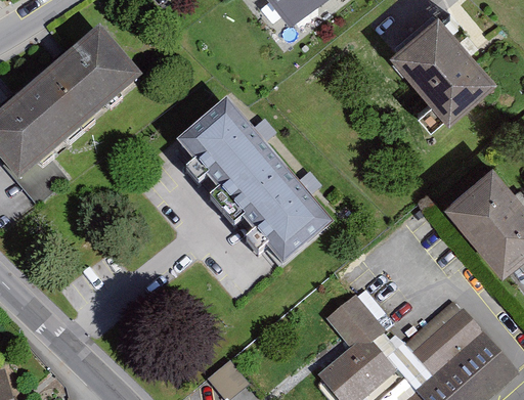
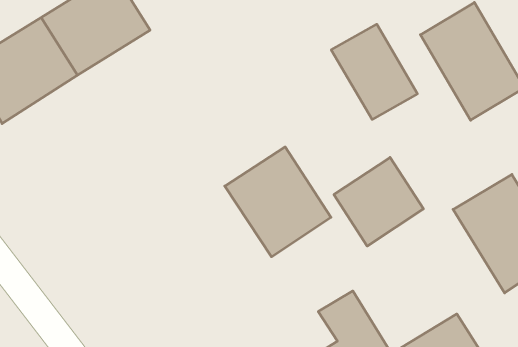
building: none -> [331,24,417,119]
building: [174,107,280,215] -> none
building: none -> [334,157,423,246]

